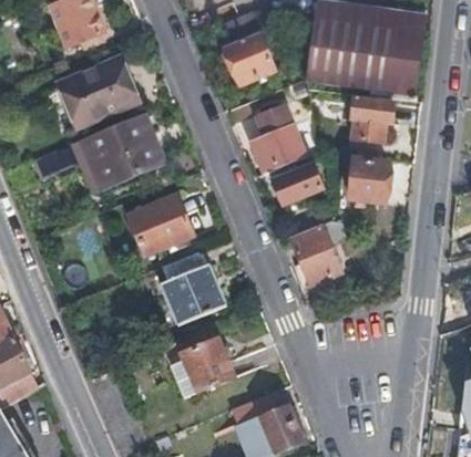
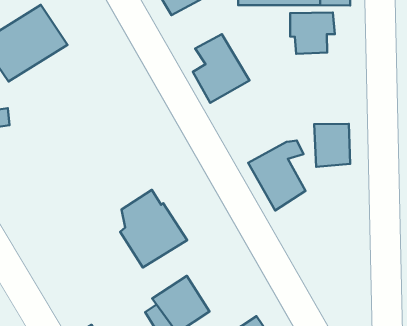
building: [83,112,162,185] -> none
building: [352,160,390,204] -> [314,124,350,167]
building: [274,166,322,204] -> none
building: [129,190,193,253] -> none

